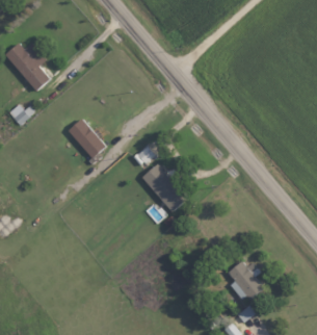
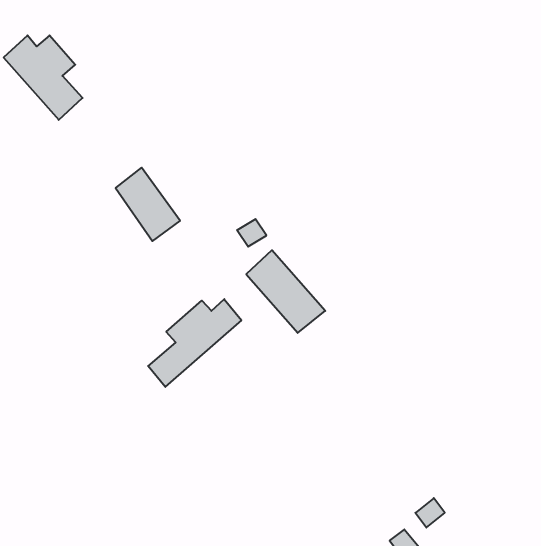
building: none -> [148,299,241,387]
building: [227,260,261,301] -> none

